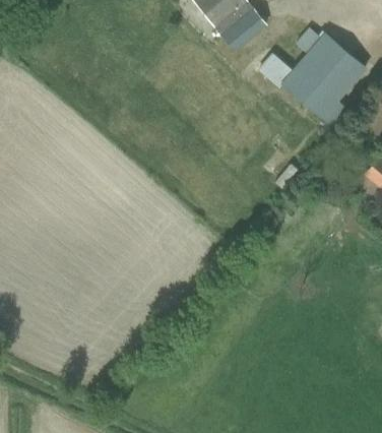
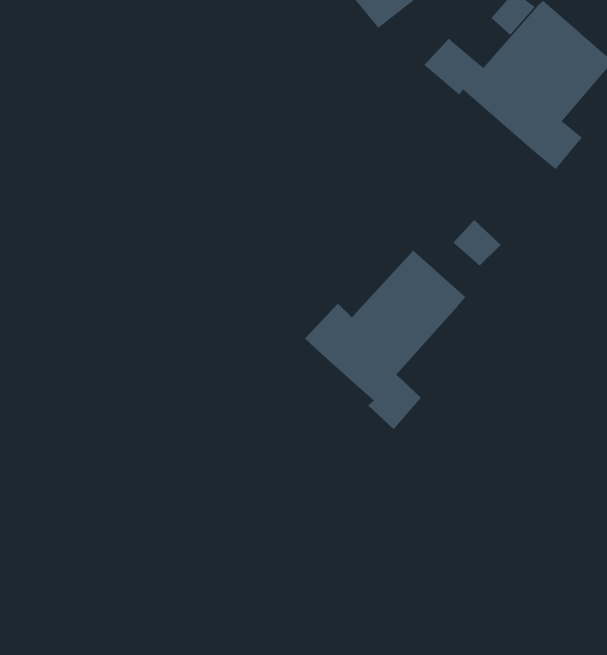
building: none -> [304,250,466,430]

